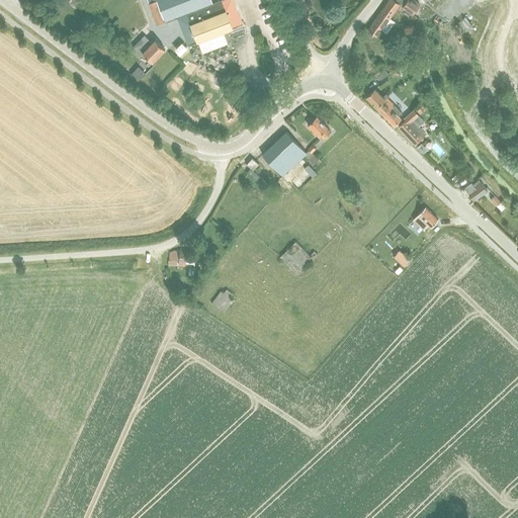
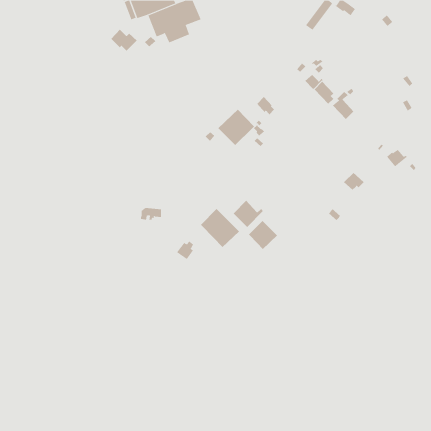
building: none -> [200,208,240,248]
building: none -> [248,220,278,250]

